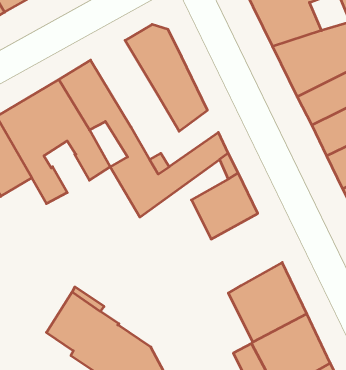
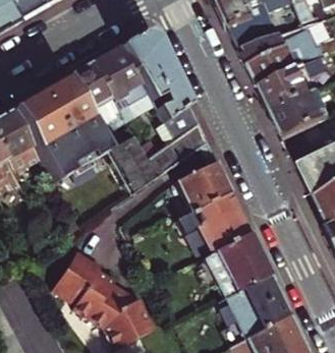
building: none -> [91,45,147,117]
building: none -> [180,188,249,248]

